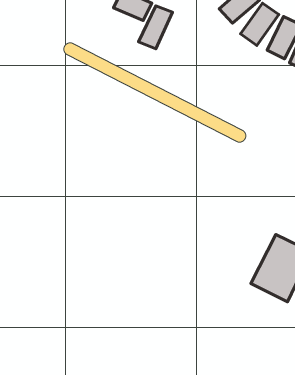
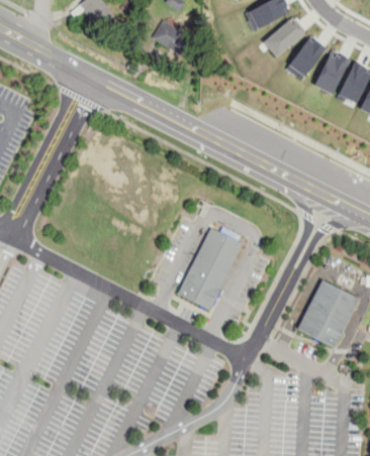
building: [139,6,172,49] -> none
building: none -> [177,226,244,312]

